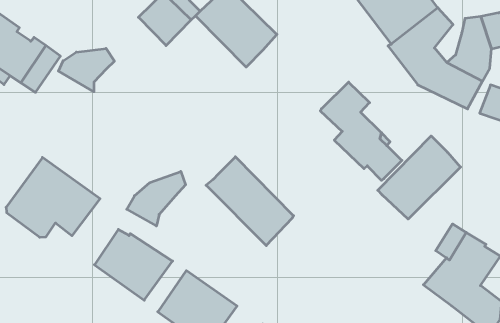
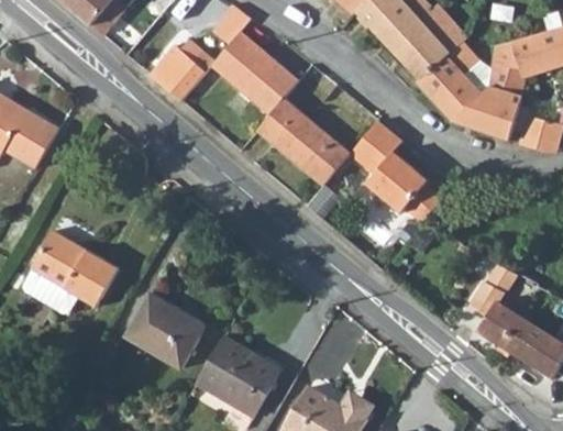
building: [58,48,114,92] -> none
building: [378,136,461,219] -> none
building: [206,157,294,246] -> [255,96,351,187]
building: [127,171,186,226] -> none

